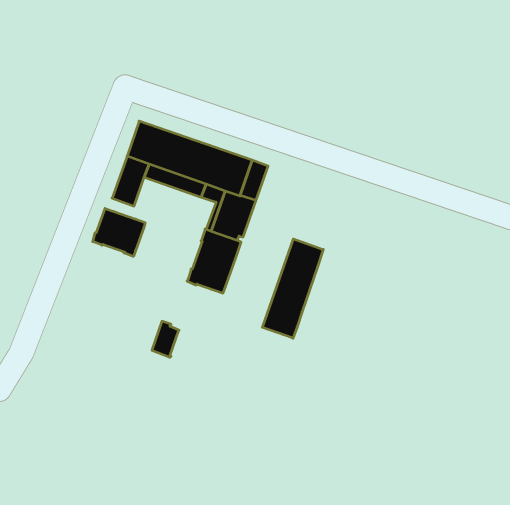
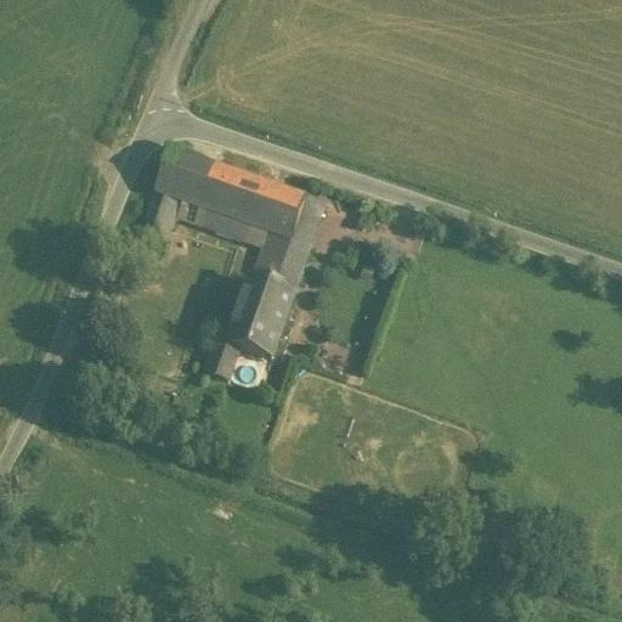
building: [93,208,145,256] -> none
building: [262,239,323,338] -> none
building: [152,321,179,357] -> [205,335,238,379]

